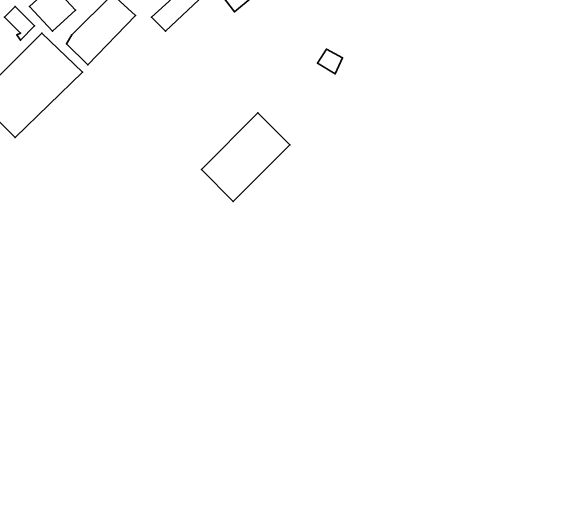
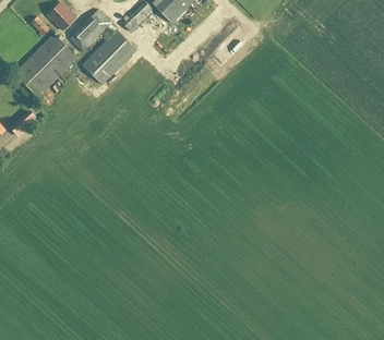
building: [201,113,290,202] -> [82,29,136,84]

